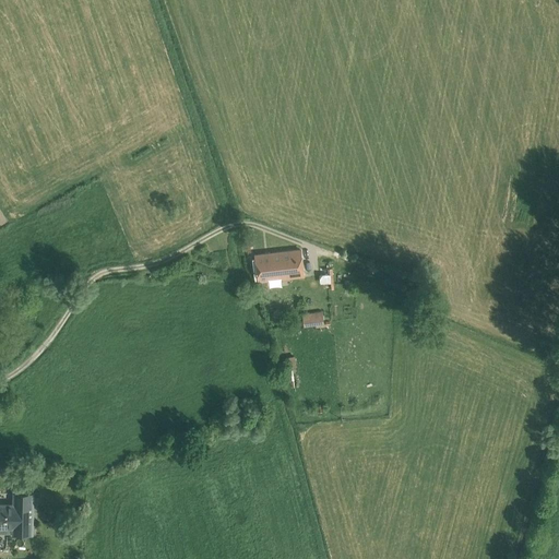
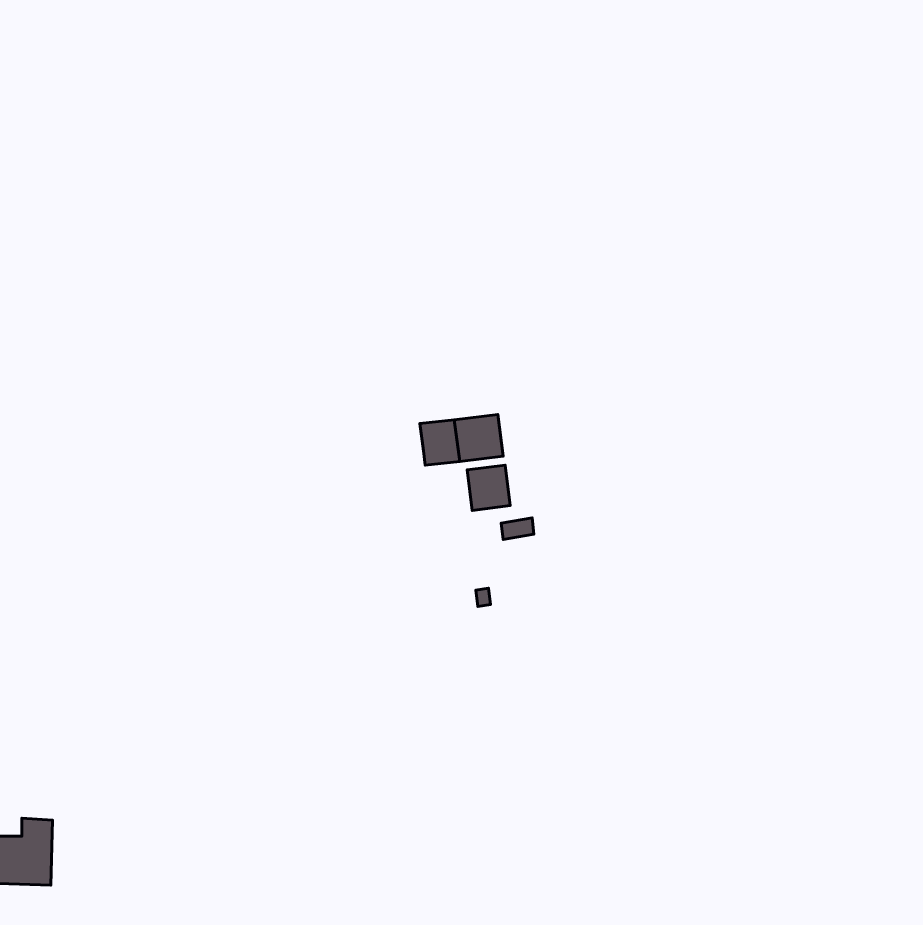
building: none -> [467,465,510,510]

